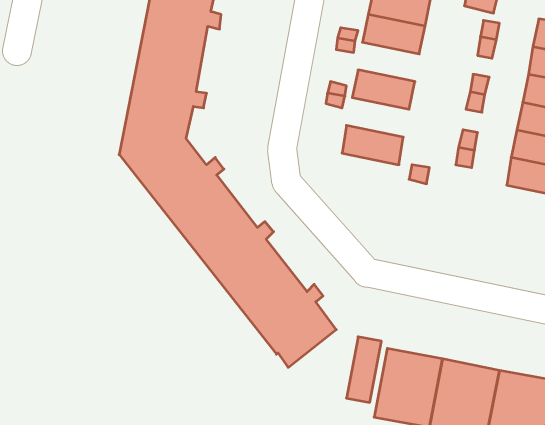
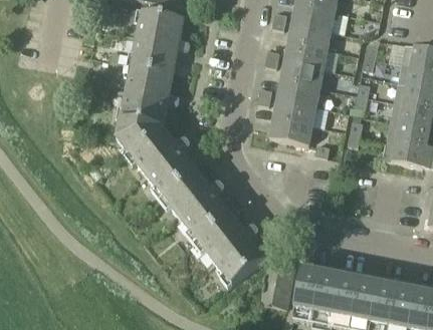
building: none -> [280,58,322,85]
building: none -> [272,96,315,123]

